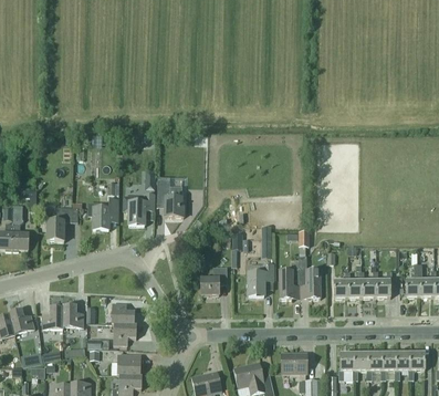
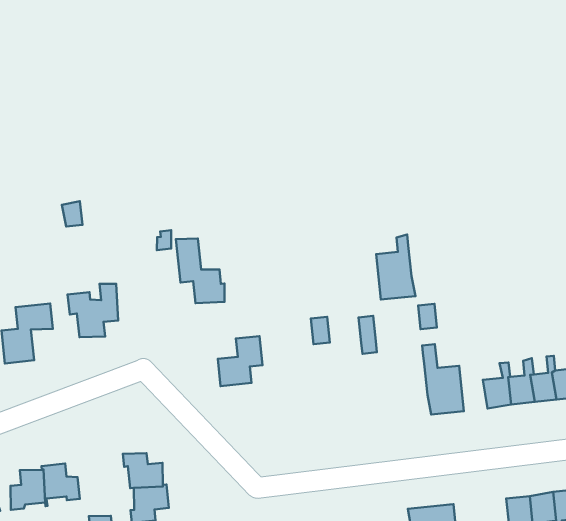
building: [123,192,154,225] -> none
building: [279,260,300,298] -> [376,234,415,300]
building: [248,263,273,295] -> none
building: [200,267,227,294] -> [218,336,263,386]

